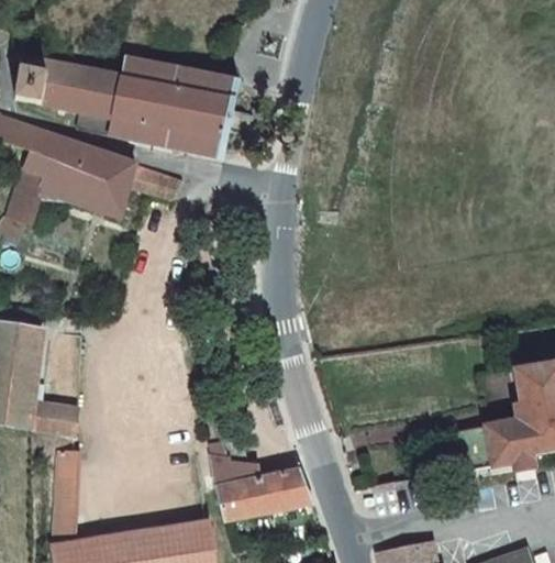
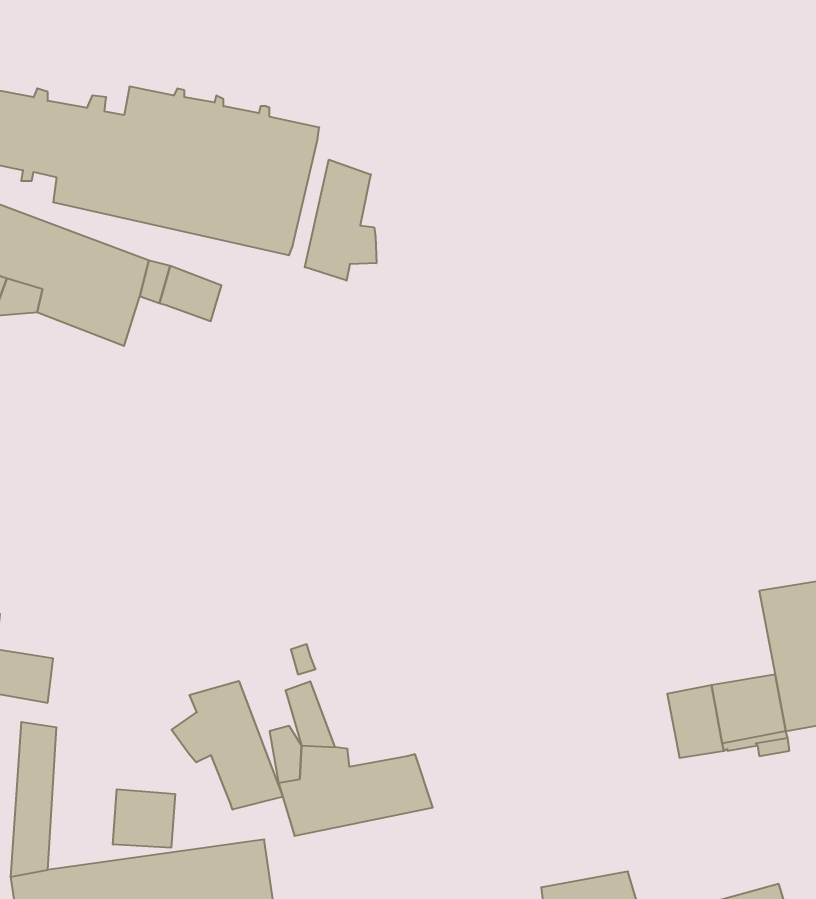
building: none -> [305,160,376,281]
building: none -> [172,681,283,810]
building: none -> [113,789,175,848]

